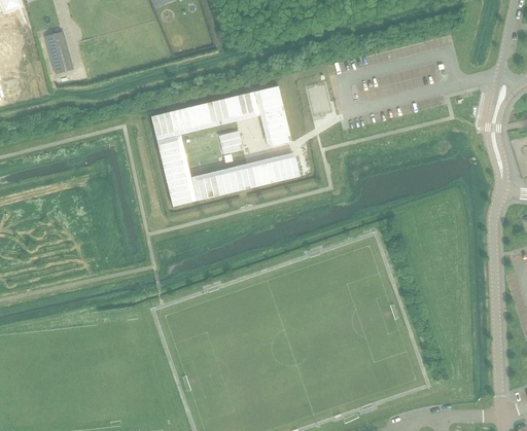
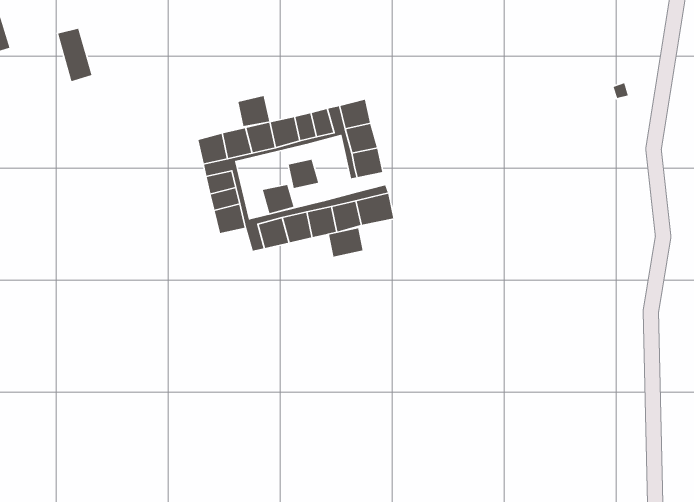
building: none -> [237,95,270,127]
building: none -> [328,227,364,258]
building: [168,183,192,206] -> [262,184,295,214]

